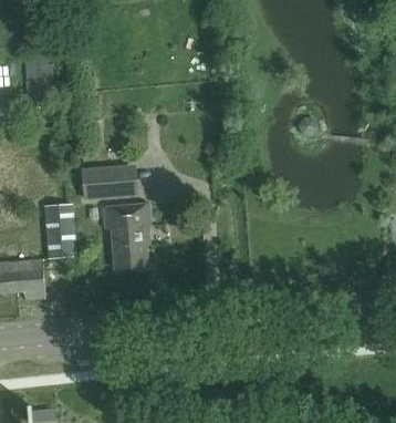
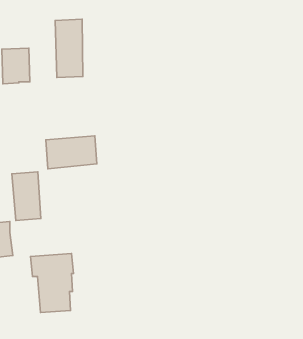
building: none -> [55,19,83,78]
building: [104,203,152,268] -> [31,254,73,313]

